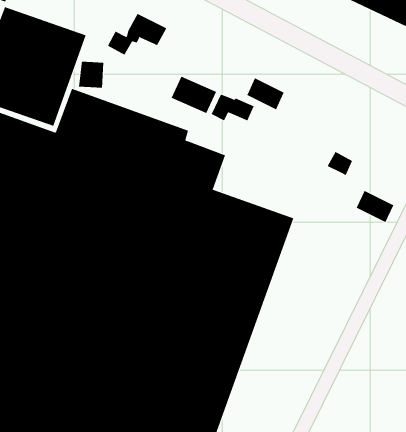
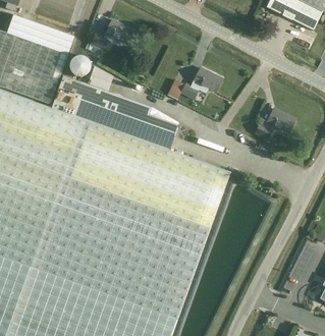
building: [171,76,217,114] -> none
building: [356,190,394,223] -> [267,109,295,133]

